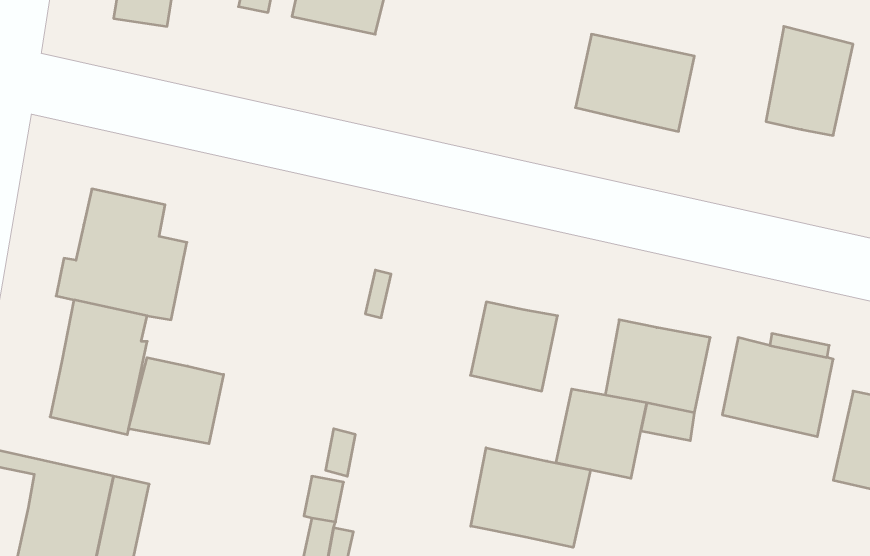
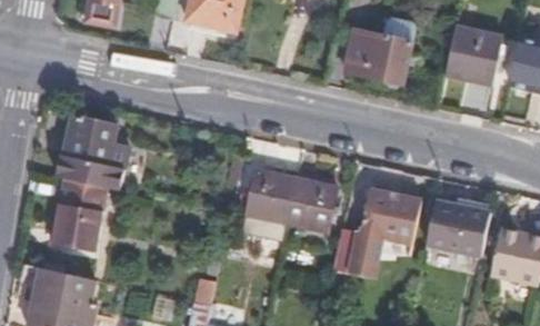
building: none -> [239,171,294,220]
building: [129,358,224,444] -> none
building: [471,448,590,547] -> none

